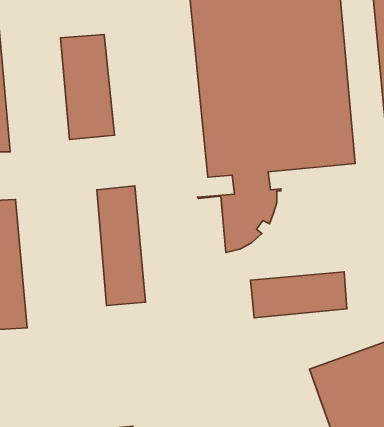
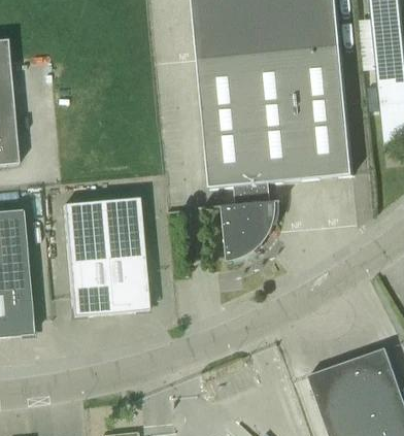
building: [60,35,114,139] -> none
building: none -> [63,201,110,316]
building: [251,272,347,318] -> none

